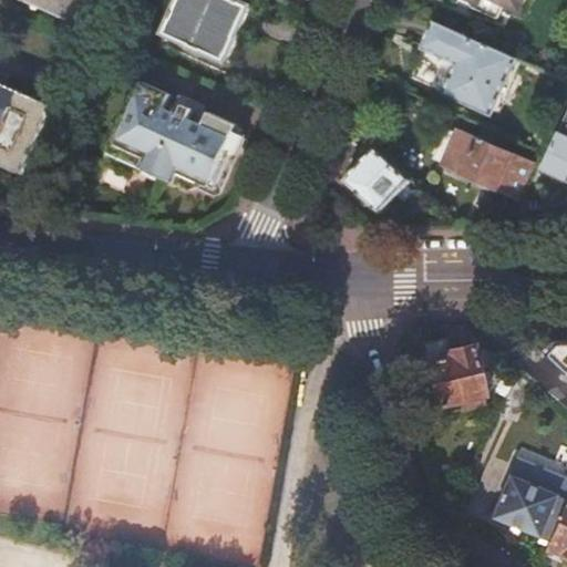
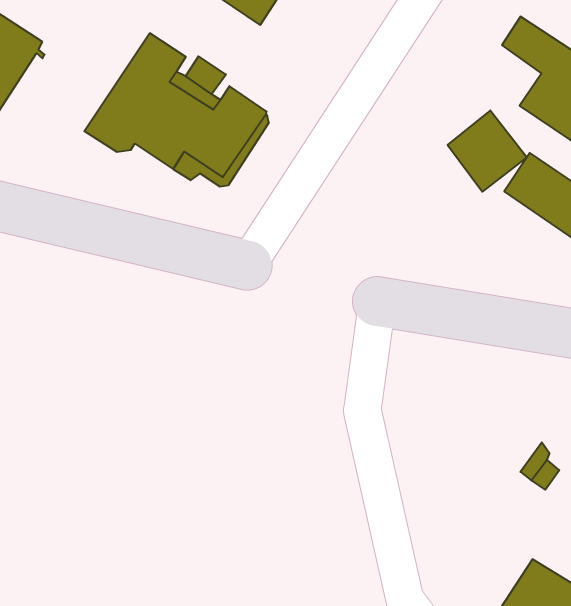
building: [344,146,410,213] -> [448,110,527,192]
building: [419,336,482,409] -> none

